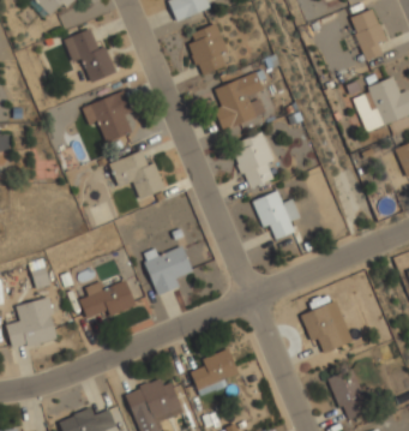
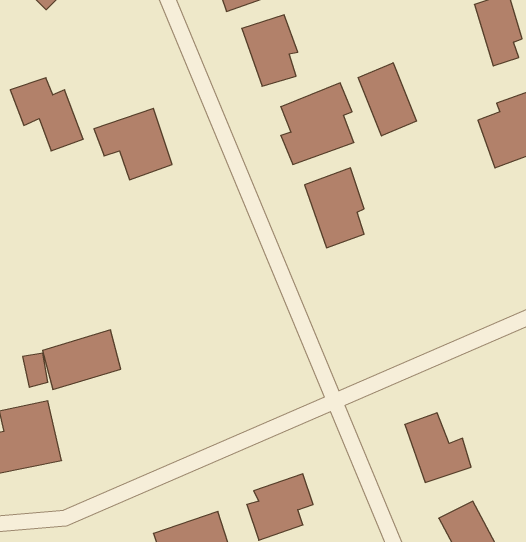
building: [65,30,116,82] -> [10,78,83,151]
building: none -> [358,63,416,136]
building: [112,149,166,199] -> none
building: [254,193,300,240] -> none
building: [144,241,192,295] -> none
building: [80,280,136,322] -> [43,330,121,389]

